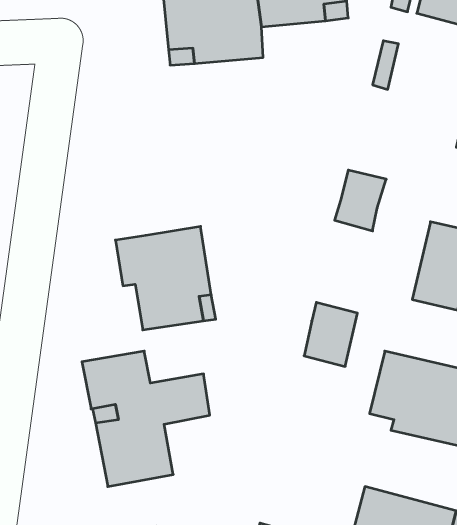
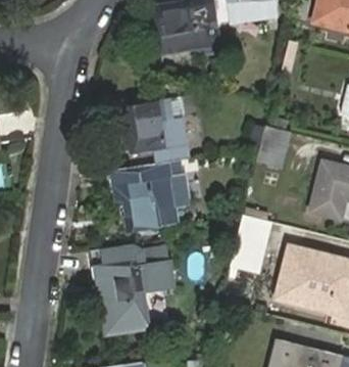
building: none -> [126,96,185,169]

